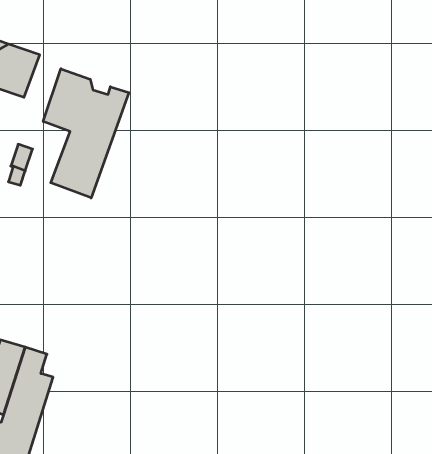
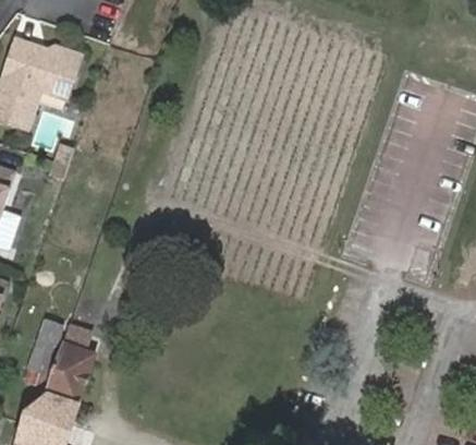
building: [43,69,129,198] -> none

